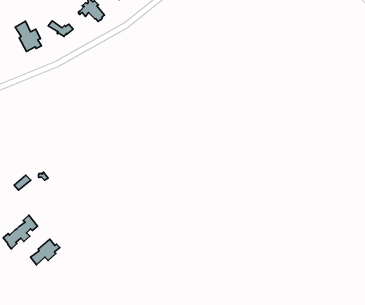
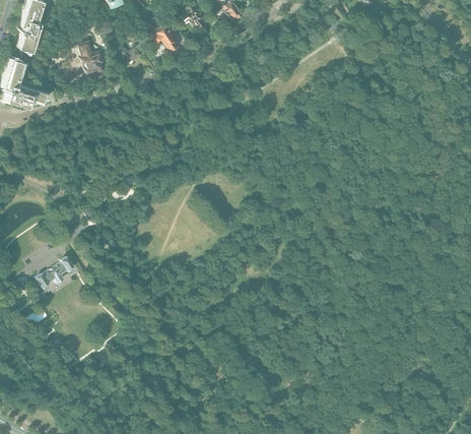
building: [31,239,60,265] -> none

